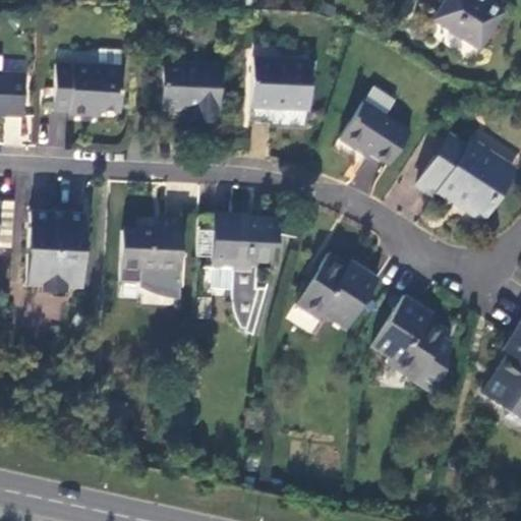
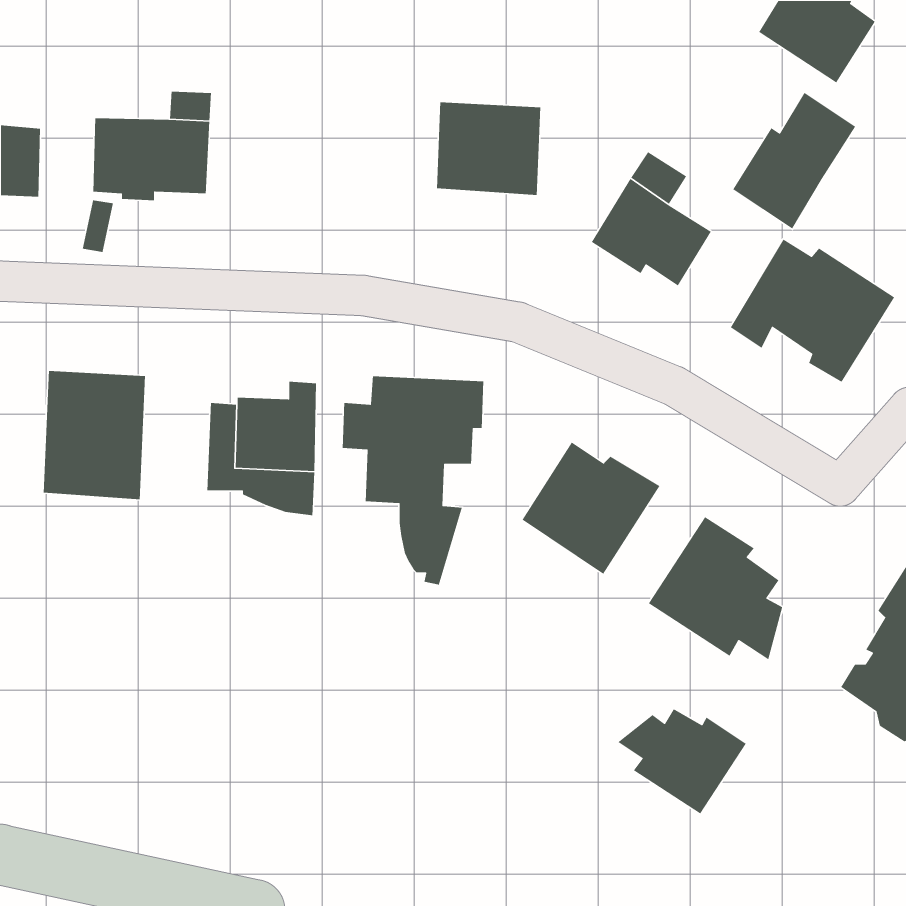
building: none -> [732,92,856,230]
building: [163,65,220,122] -> none
building: none -> [617,708,747,815]

